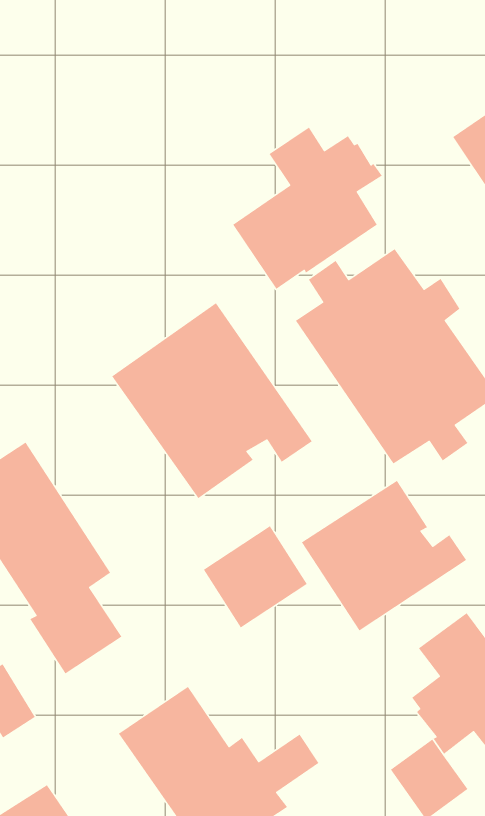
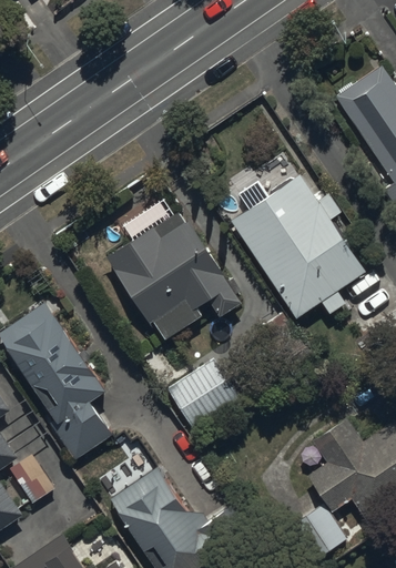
building: [232,126,383,290] -> none
building: [301,480,467,631] -> none

